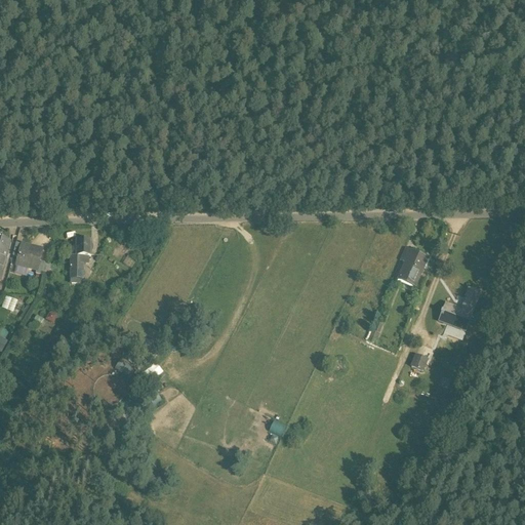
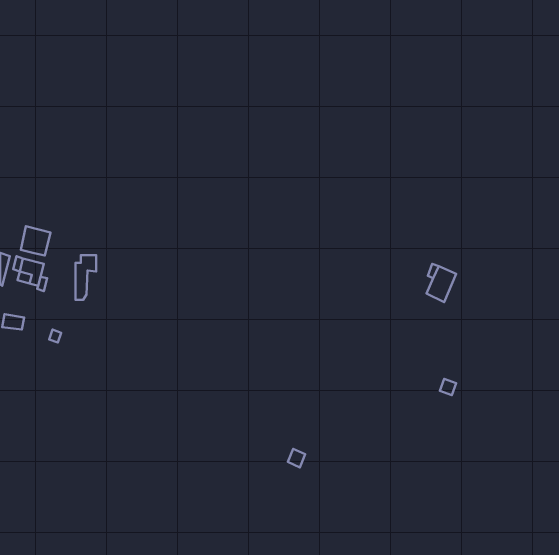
building: none -> [21,226,51,256]
building: [439,287,481,326] -> none

